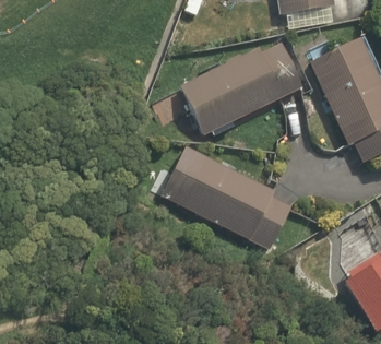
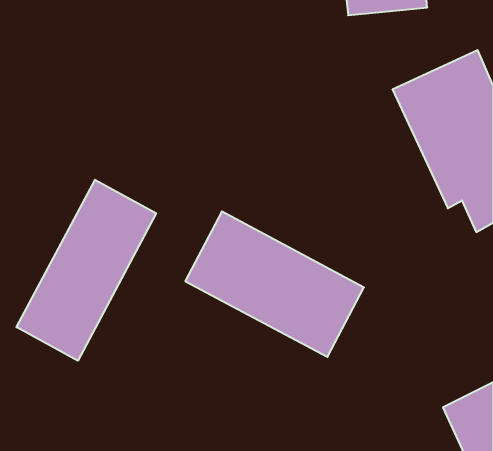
building: [182,39,308,134] -> none
building: none -> [16,180,156,361]

